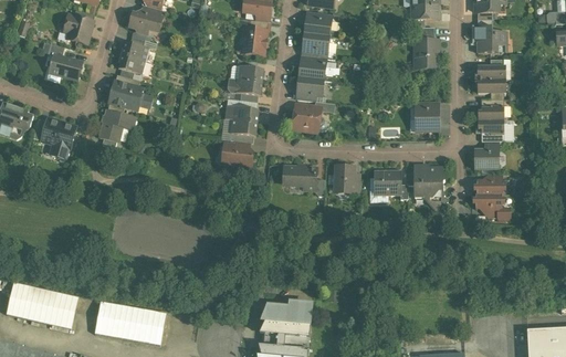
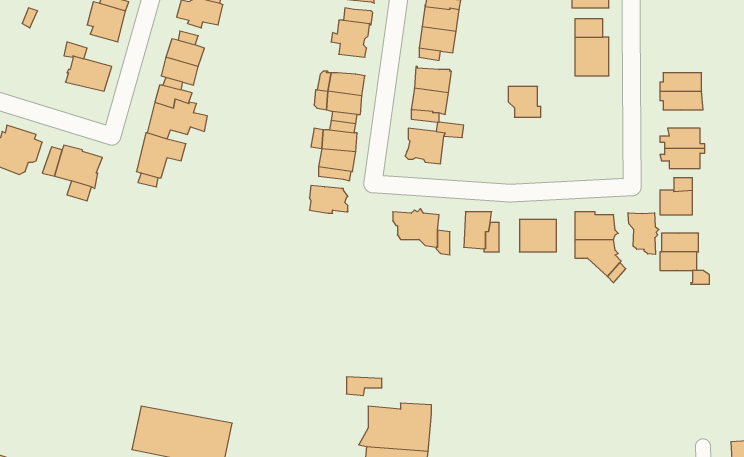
building: [473,25,505,52] -> none
building: [415,107,438,129] -> [508,86,541,117]
building: none -> [628,213,659,254]
building: [8,281,77,327] -> none

